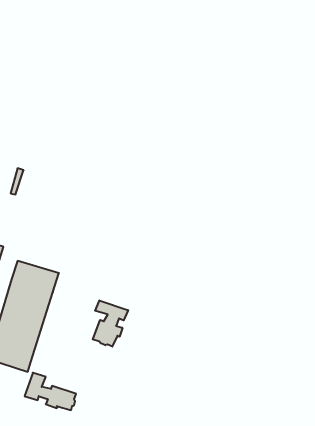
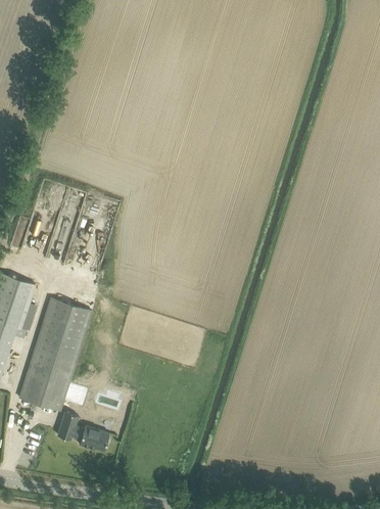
building: [93,300,128,347] -> none

